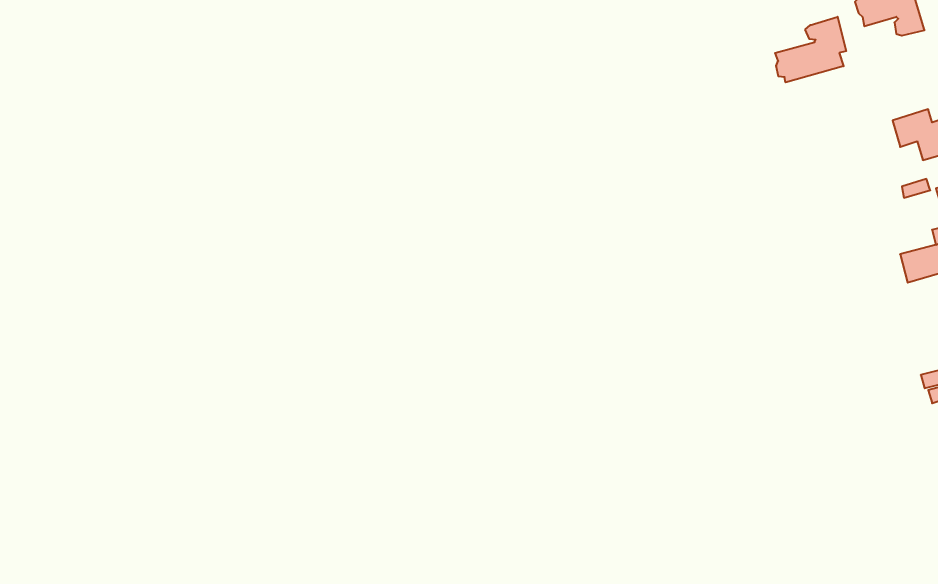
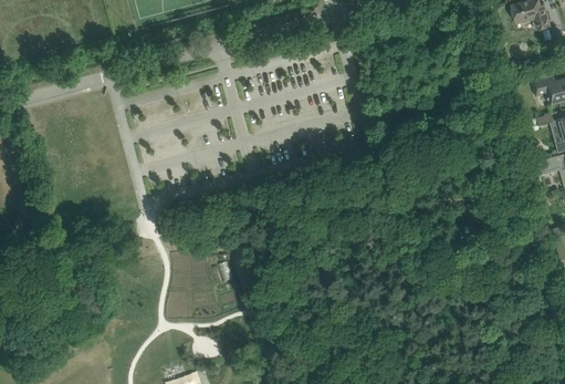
building: [775,17,846,82] -> none

